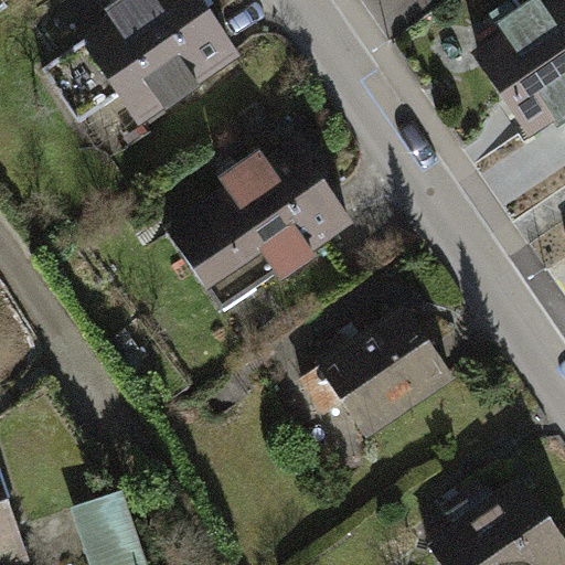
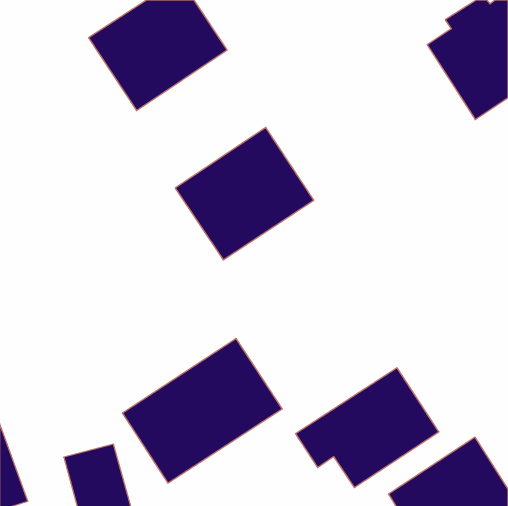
building: [294,307,452,439] -> [296,368,439,488]
building: none -> [123,338,282,483]

